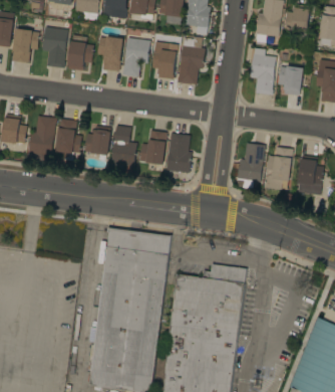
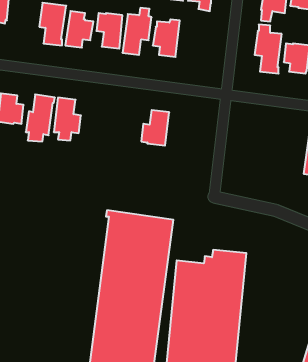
building: [12,28,39,62] -> none
building: [178,36,206,84] -> none
building: [85,125,111,154] -> none
building: [111,125,137,175] -> none
building: [168,133,192,172] -> none
building: [238,143,266,190] -> none
building: [264,146,293,189] -> none

